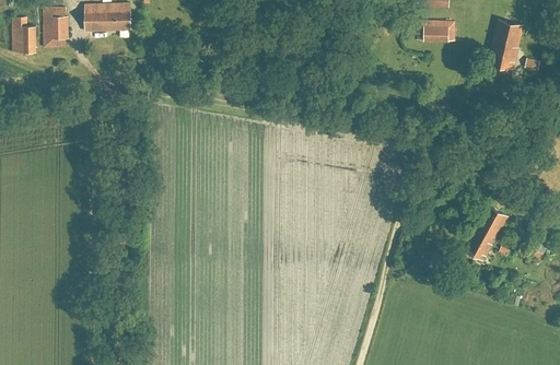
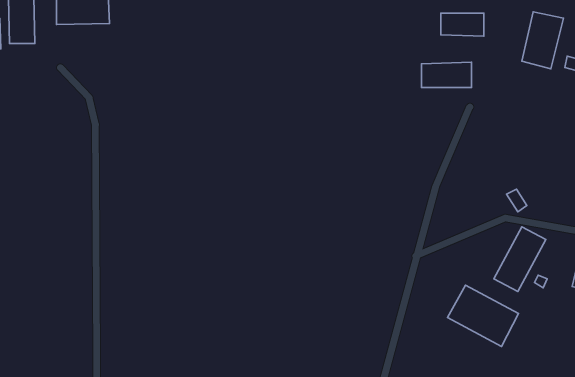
building: none -> [422,62,472,87]
building: none -> [448,285,518,347]

